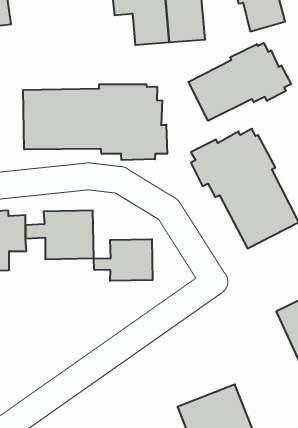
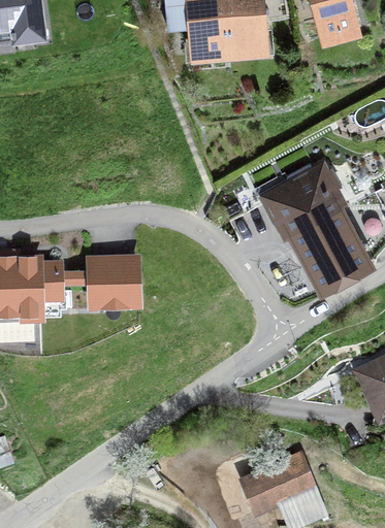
building: [188,43,291,121] -> none
building: [23,84,167,160] -> none
building: [94,239,153,281] -> none

